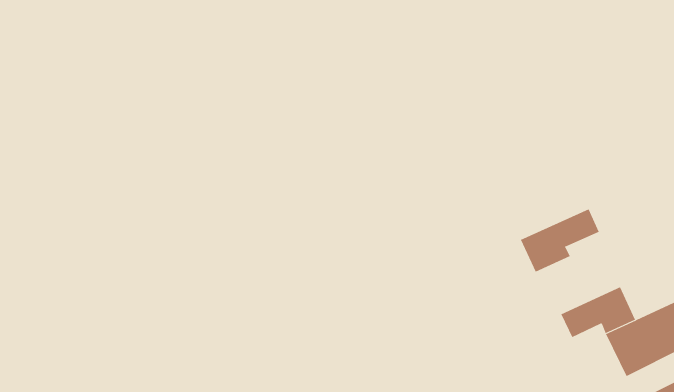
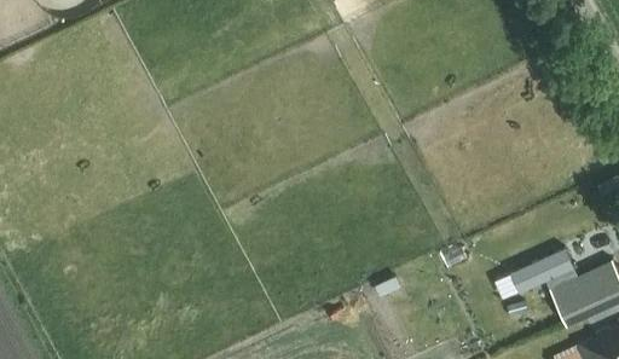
building: [520,208,600,273] -> none

